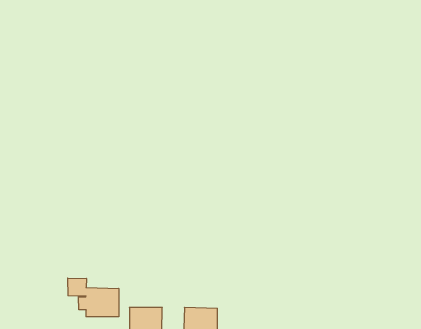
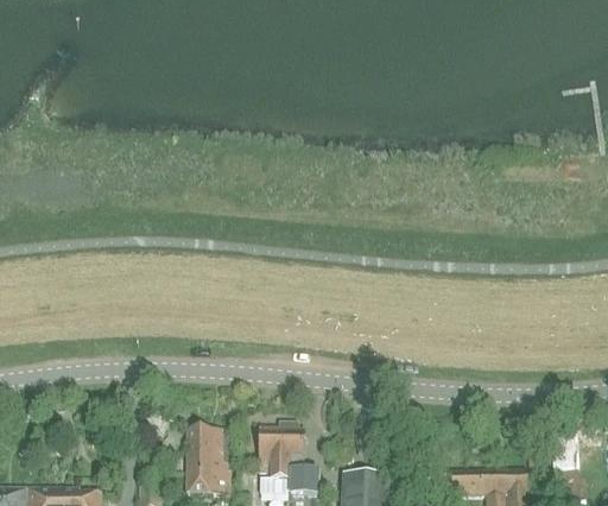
building: [68,278,119,317] -> none

